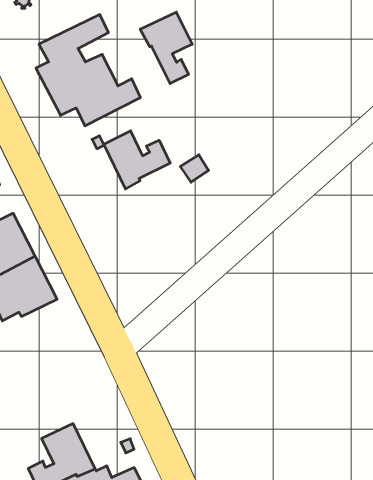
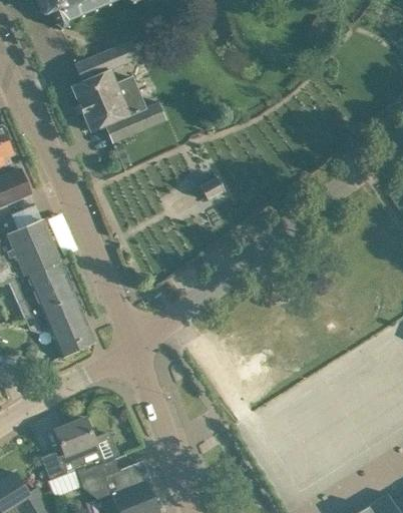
building: [140,12,192,84] -> none
building: [104,131,170,189] -> none
building: none -> [44,302,95,357]

